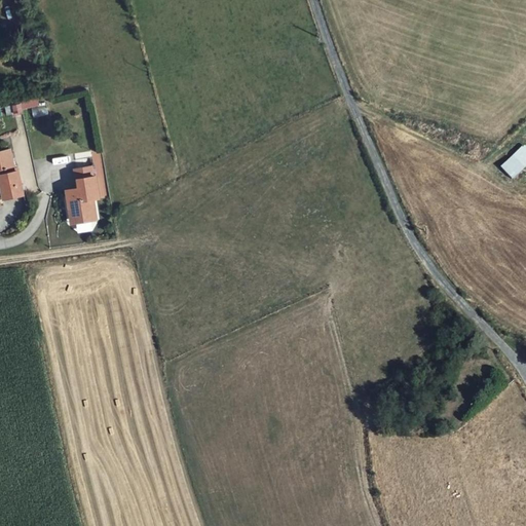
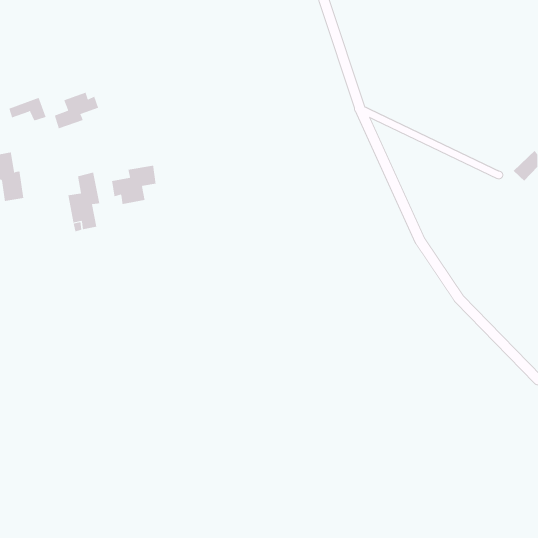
building: none -> [54,92,99,129]
building: none -> [111,165,156,205]

